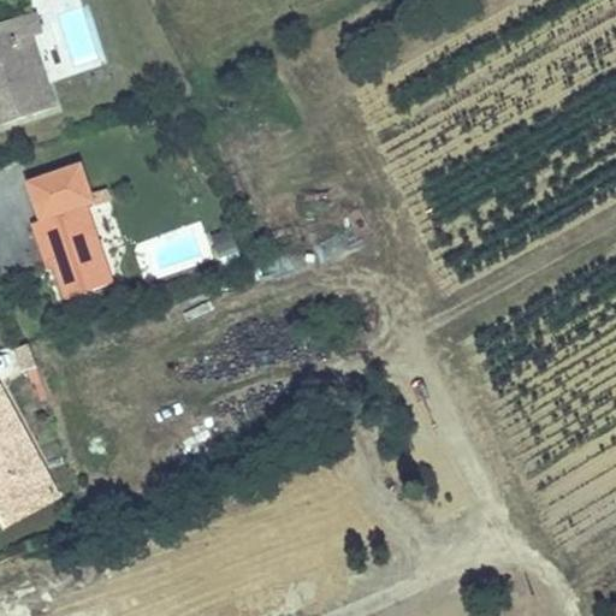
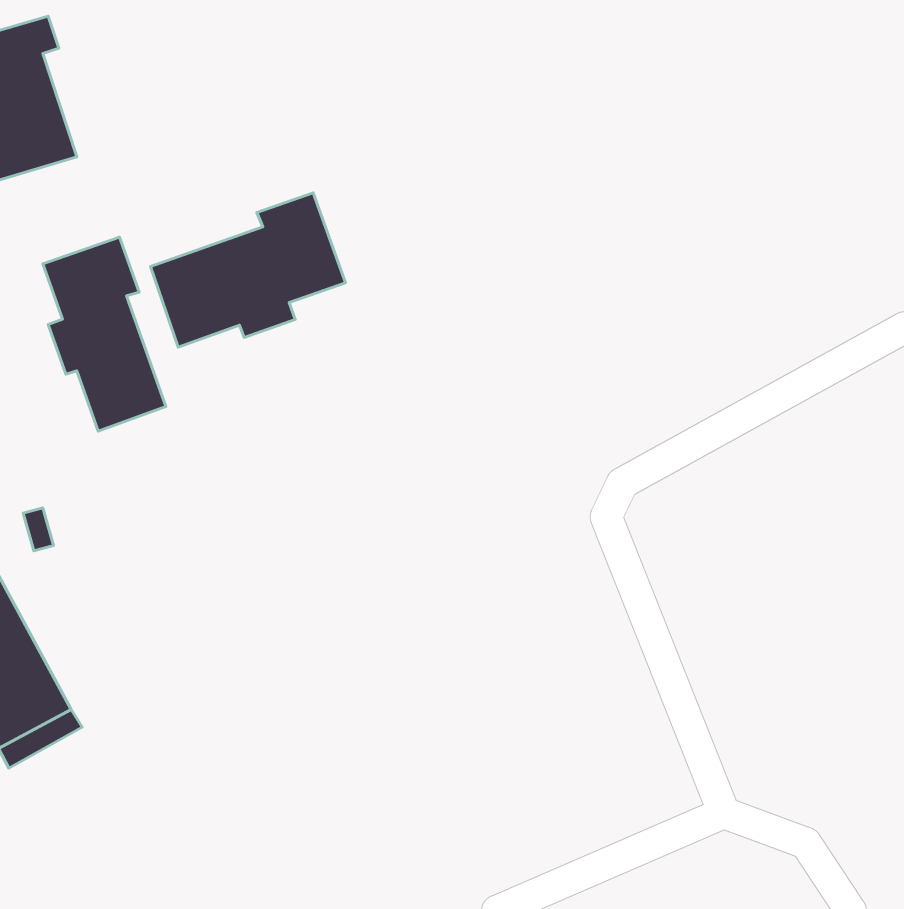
building: none -> [150,193,345,347]

